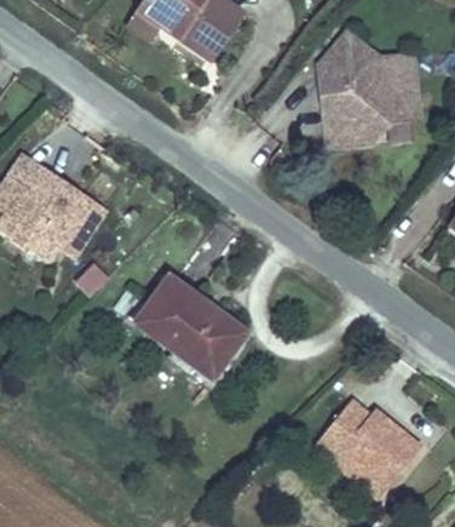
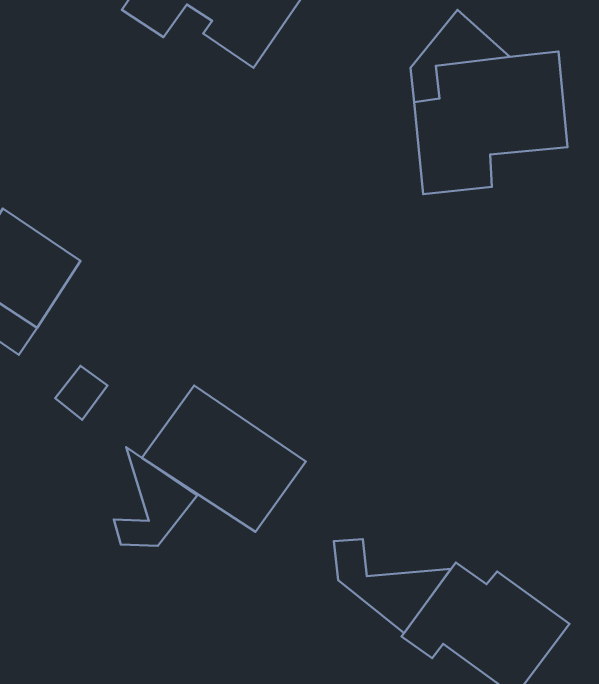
building: none -> [114,447,197,546]
building: none -> [334,539,451,633]

